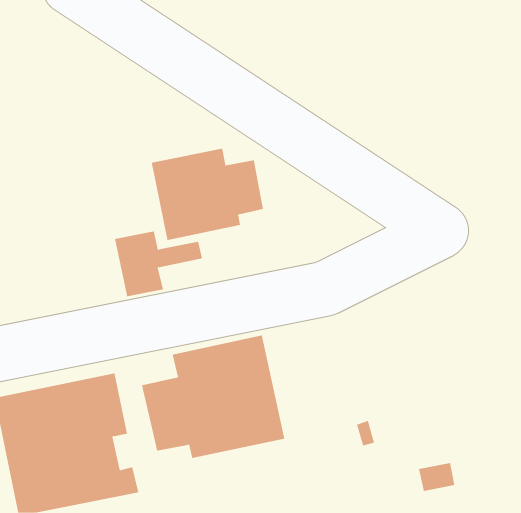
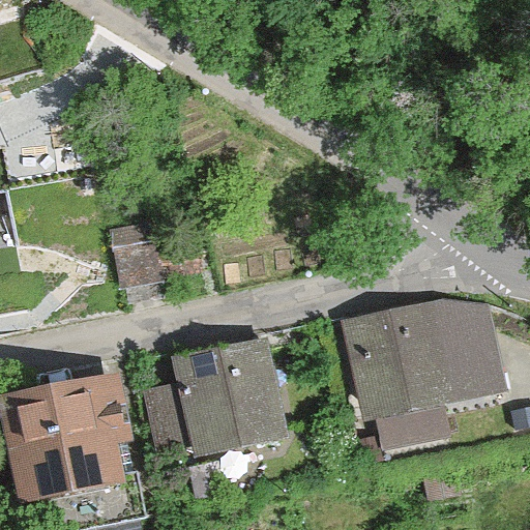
building: [151,148,264,241] -> none
building: none -> [341,286,508,415]

